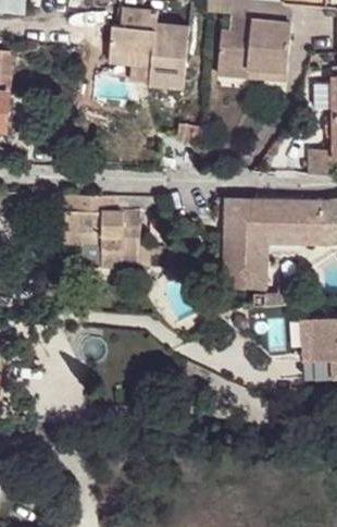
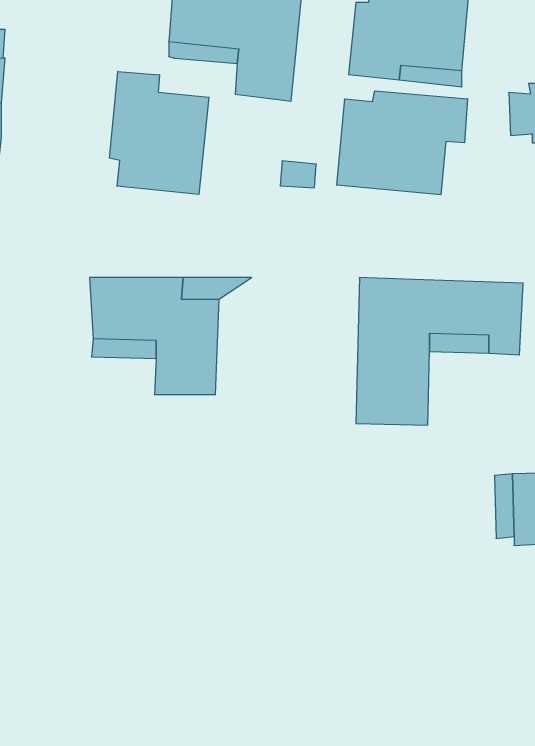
building: none -> [110,71,209,194]
building: none -> [337,91,467,195]

